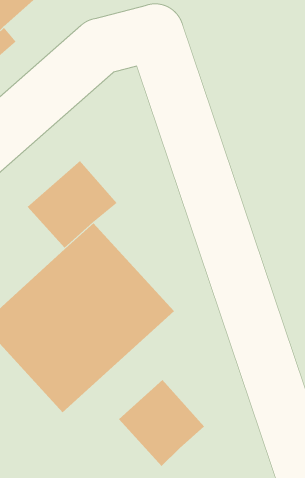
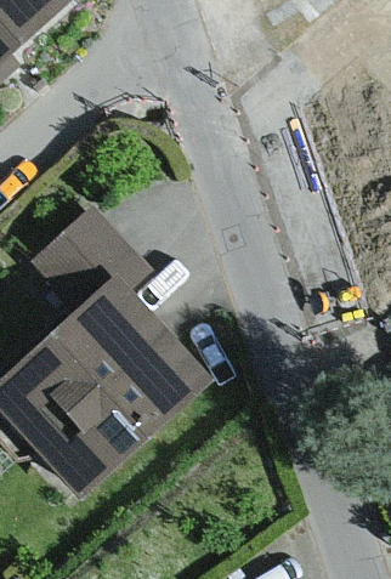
building: [118,379,205,467] -> none

